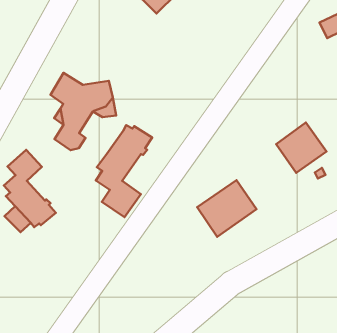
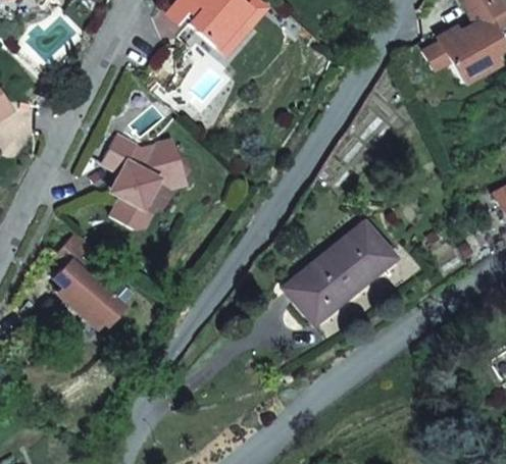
building: [276,123,327,173] -> [336,223,398,286]
building: [96,125,152,217] -> none

